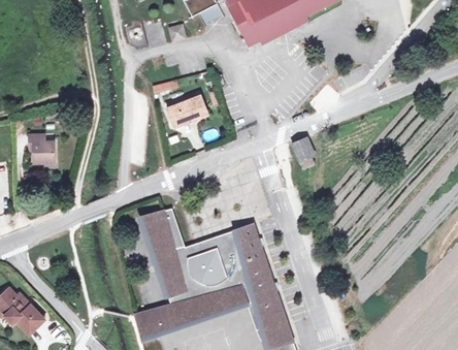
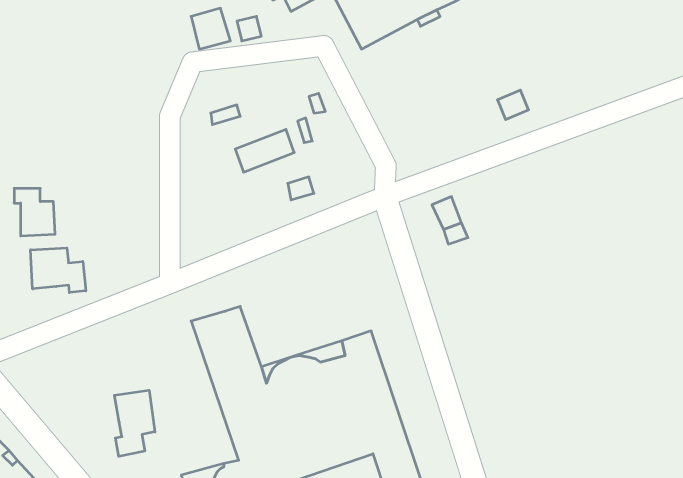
building: none -> [31,248,86,293]
building: none -> [114,390,155,456]

